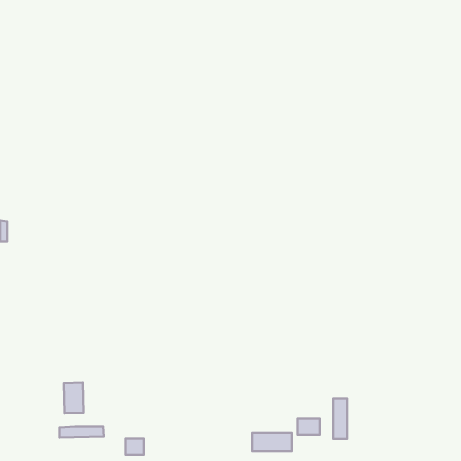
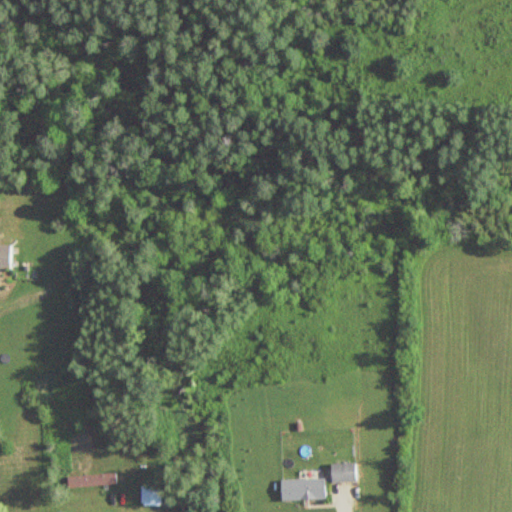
building: [64,383,83,413] -> none
building: [333,399,347,439] -> none

